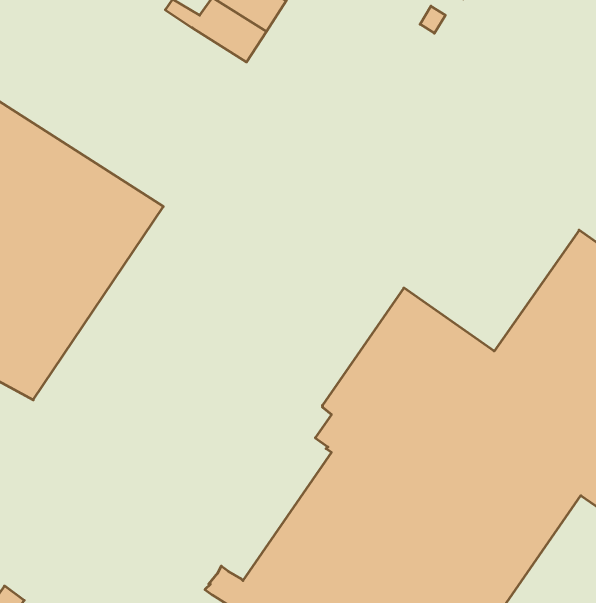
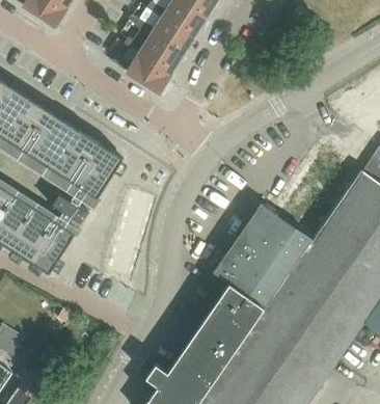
building: none -> [111,55,169,93]

